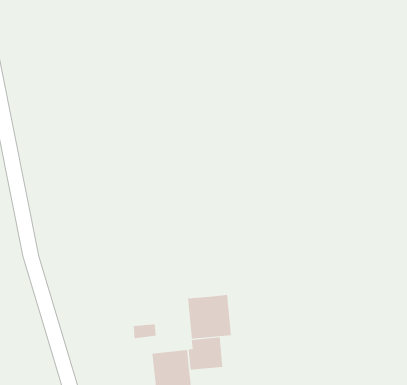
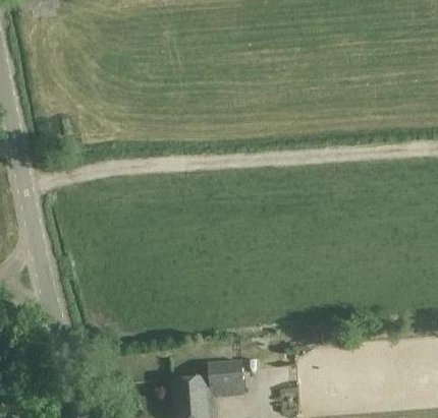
building: [187,294,231,340] -> none

